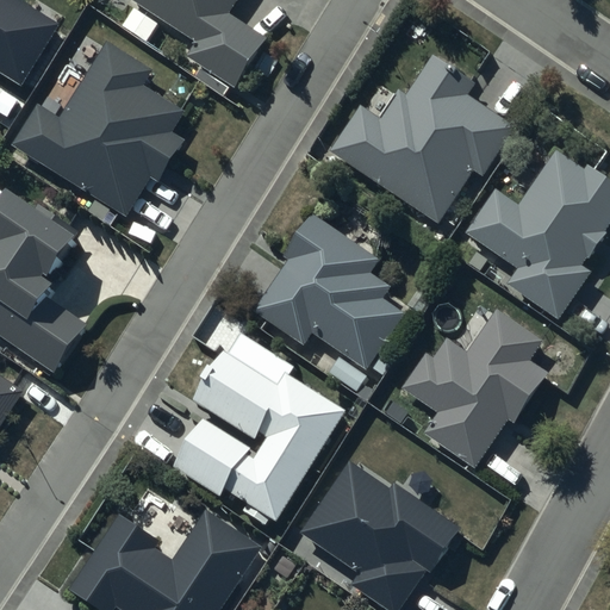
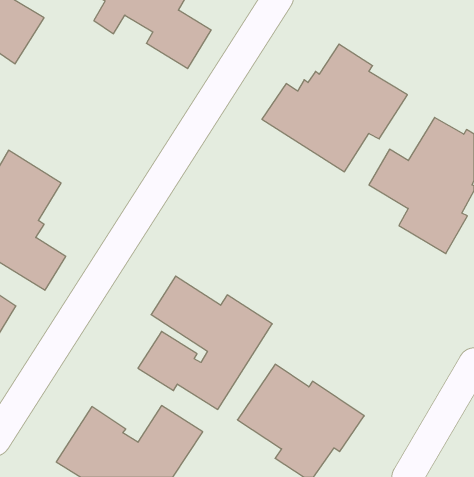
building: [15,45,181,213] -> none
building: [253,213,399,371] -> none
building: [404,311,549,465] -> none

